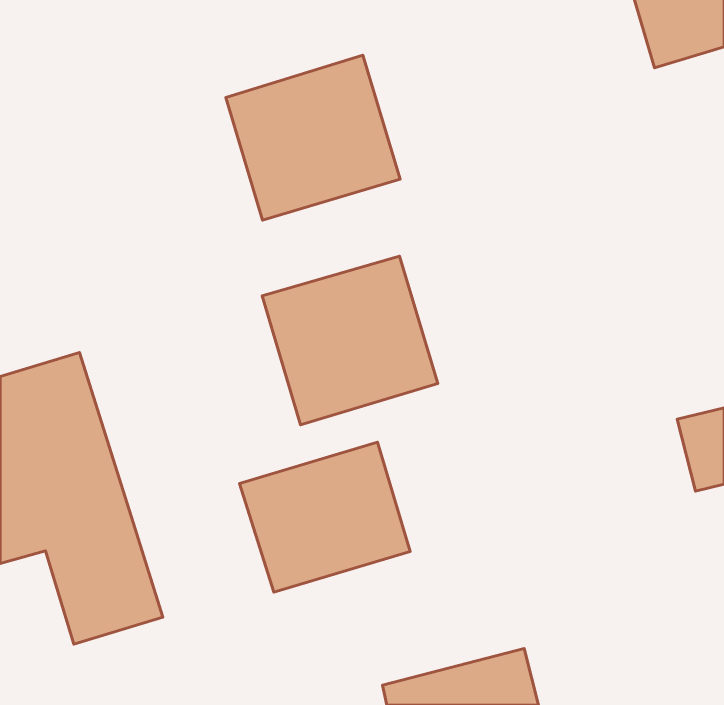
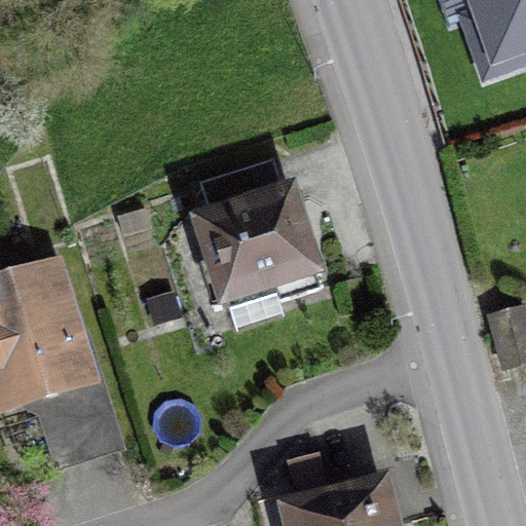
building: [226,55,400,220] -> none
building: [240,442,410,592] -> none

